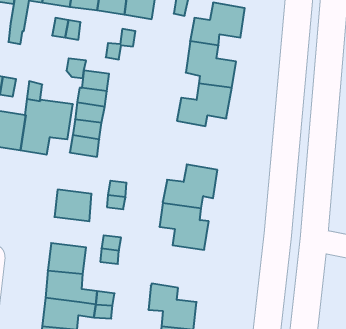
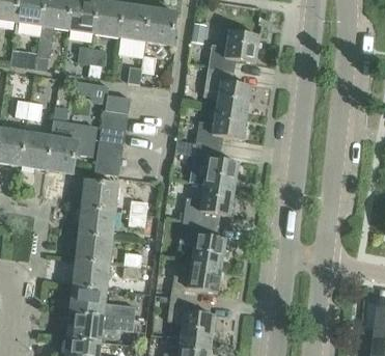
building: none -> [189,141,238,188]
building: none -> [82,180,117,211]
building: none -> [76,232,112,262]
building: none -> [171,259,221,300]

